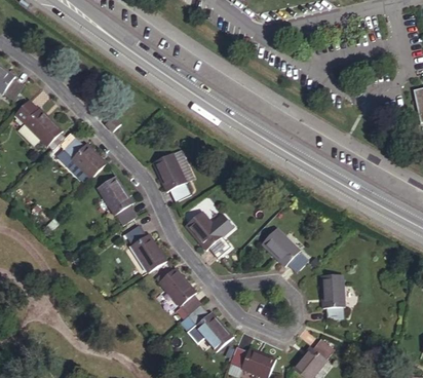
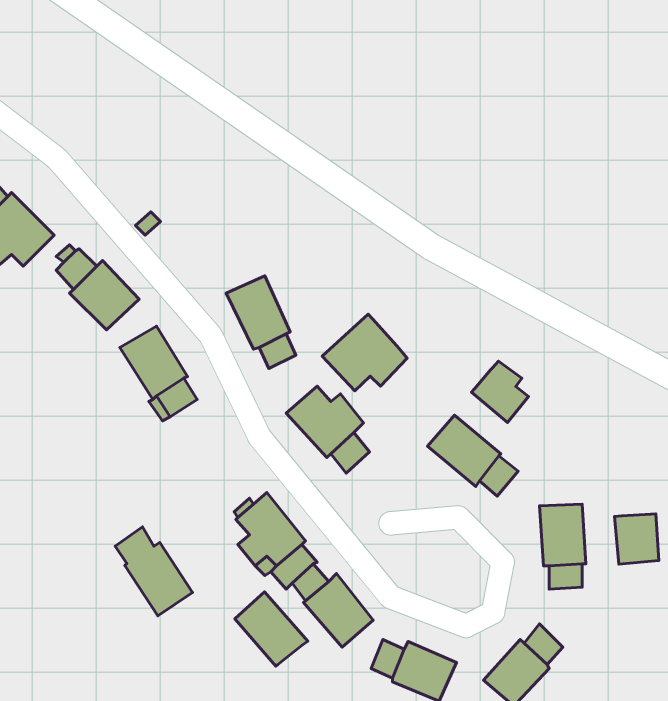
building: none -> [322,314,407,391]
building: none -> [471,361,528,422]
building: [122,222,163,269] -> [115,527,193,616]
building: none -> [615,514,659,564]
building: none -> [235,592,308,666]

